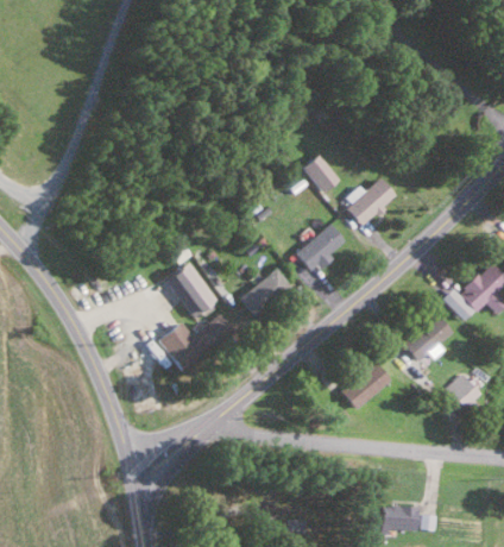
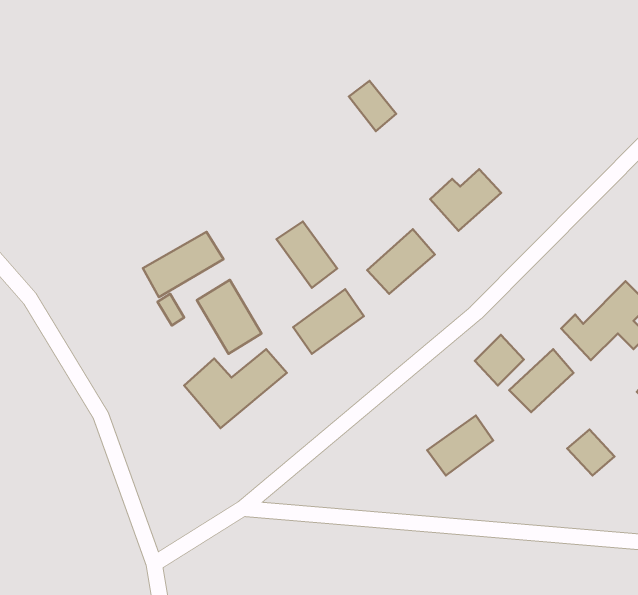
building: [304,155,340,193] -> [349,81,396,131]
building: none -> [276,221,337,288]
building: none -> [143,232,223,297]
building: none -> [475,335,524,386]

